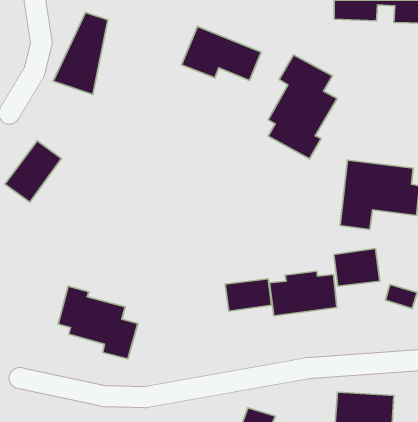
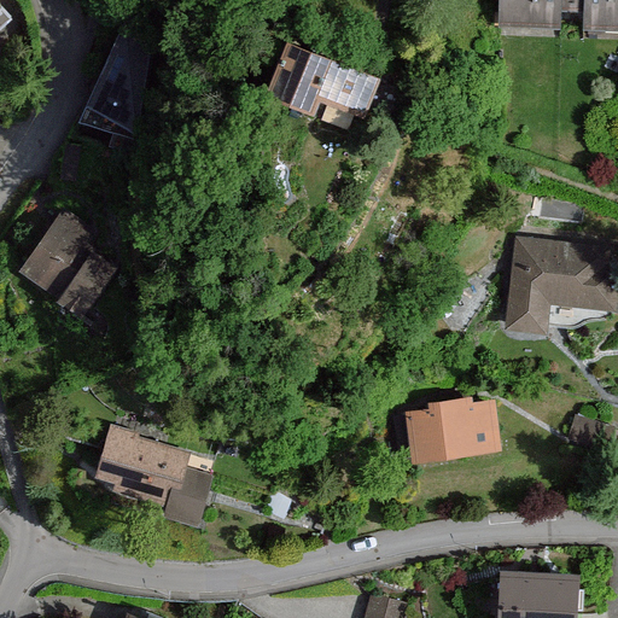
building: [268,55,337,159] -> none
building: none -> [54,251,115,317]
building: [334,249,380,286] -> none
building: [225,279,271,311] -> none

